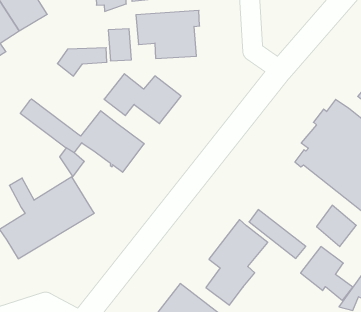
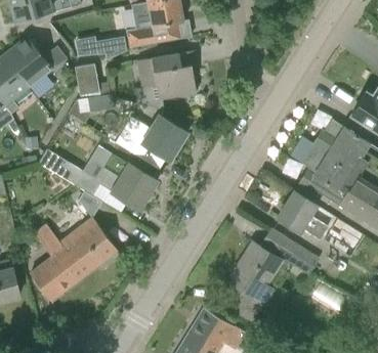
building: [108,29,131,61] -> [75,63,99,95]
building: [301,247,353,300] -> [278,191,328,239]

